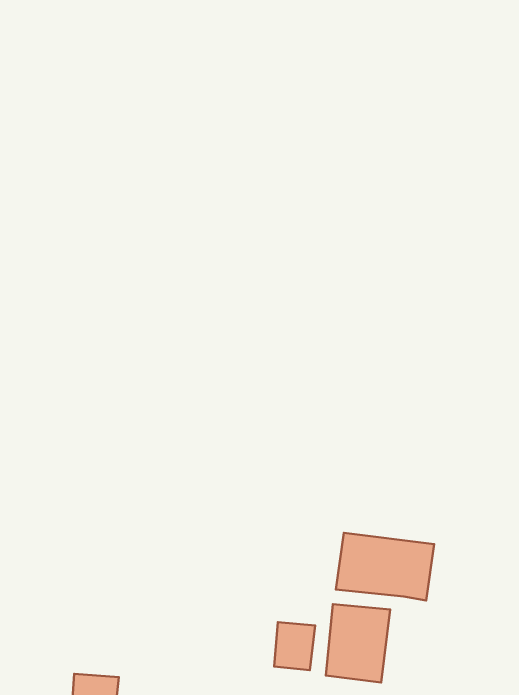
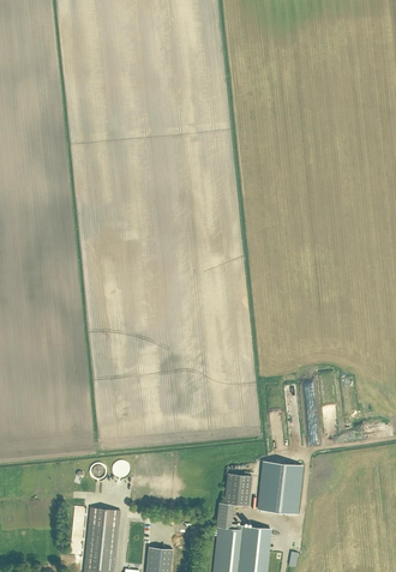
building: [336,533,434,600] -> none

